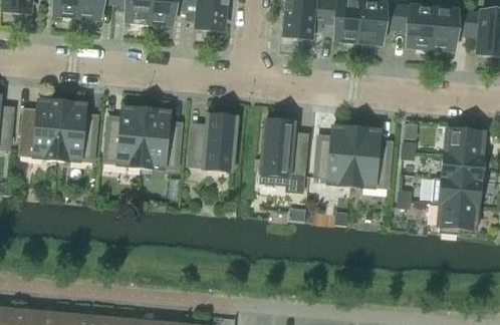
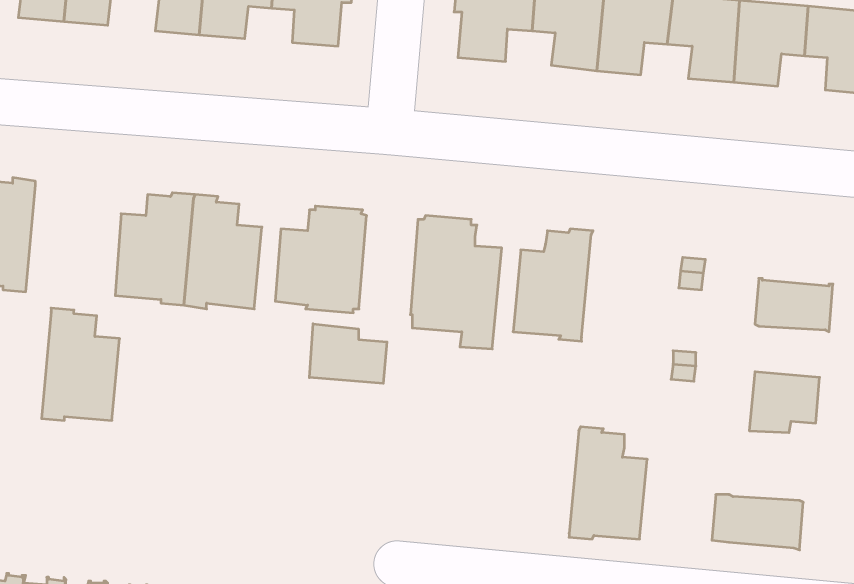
building: [56,101,97,160] -> [42,308,120,420]
building: [445,122,482,156] -> none
building: [349,127,391,187] -> [569,427,647,539]
building: none -> [309,324,387,383]
building: [432,177,480,206] -> [712,495,803,550]

